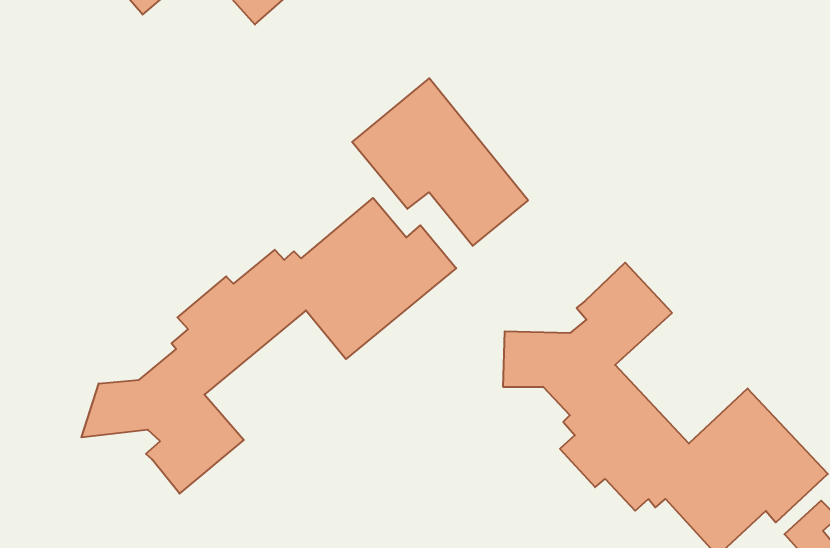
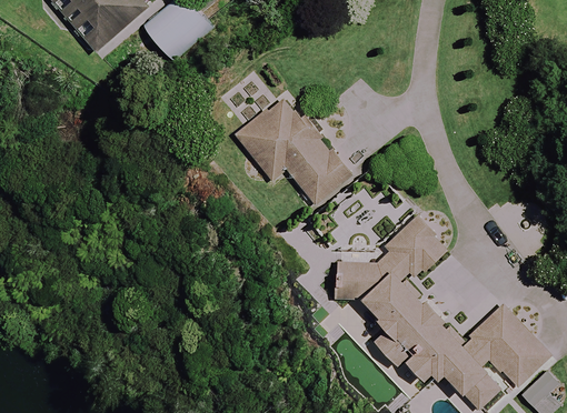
building: [81,198,456,494] -> none

